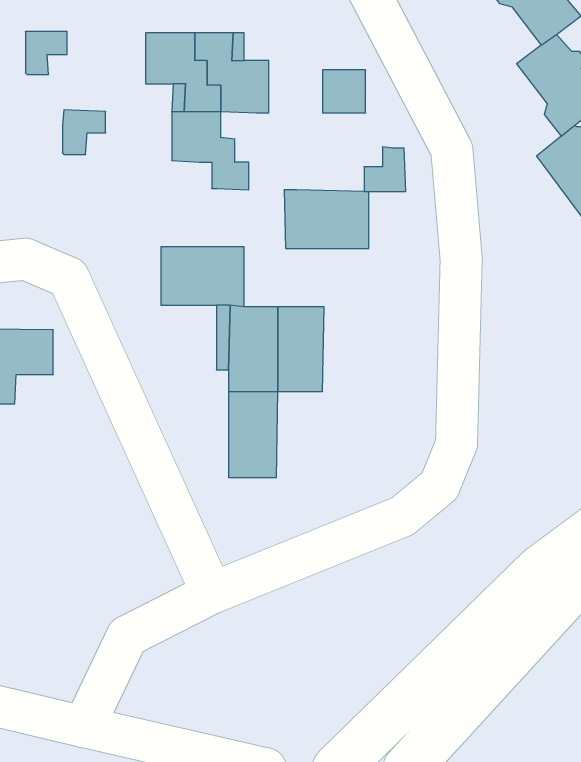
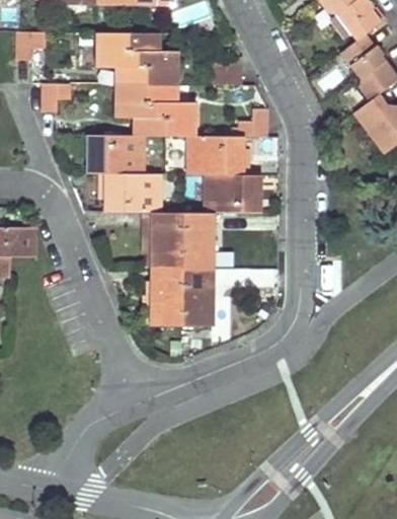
building: none -> [146,84,195,136]
building: none -> [88,134,143,173]
building: none -> [206,174,260,213]
building: none -> [182,269,213,326]

